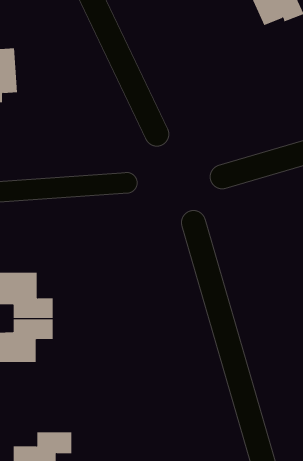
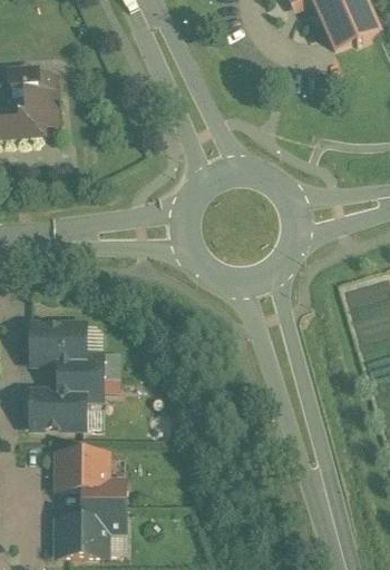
building: none -> [55,452,121,503]

